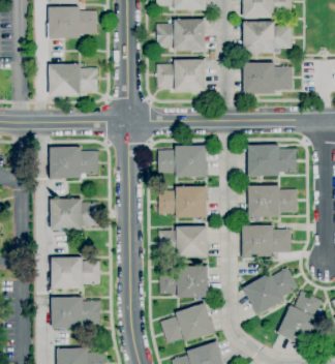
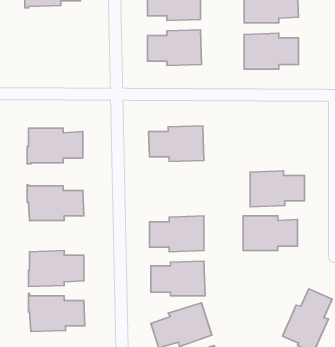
building: [49,62,98,95] -> none
building: [248,145,297,176] -> none
building: [158,186,208,217] -> none
building: [243,267,299,316] -> none

